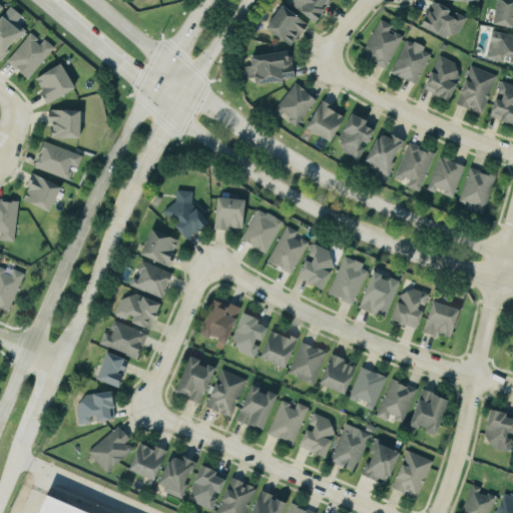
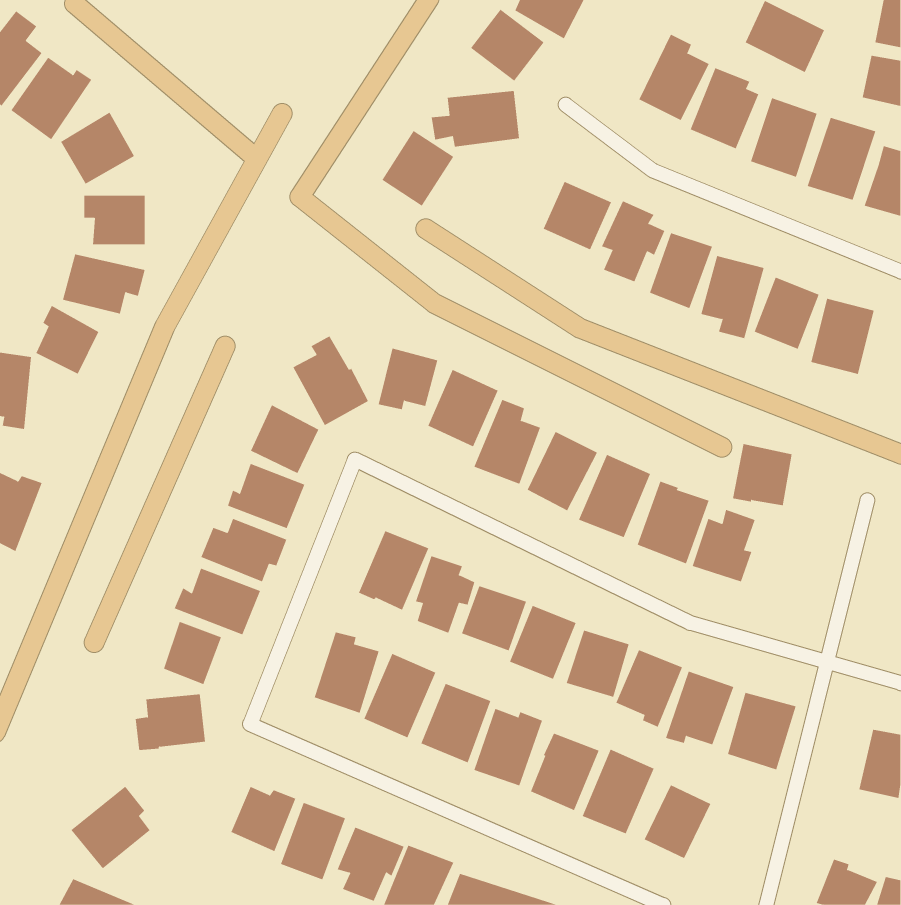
building: [274,82,315,125] -> [381,130,454,207]
building: [426,303,460,338] -> [732,444,792,506]
building: [87,425,132,472] -> [71,786,150,869]
building: [392,450,433,499] -> none

